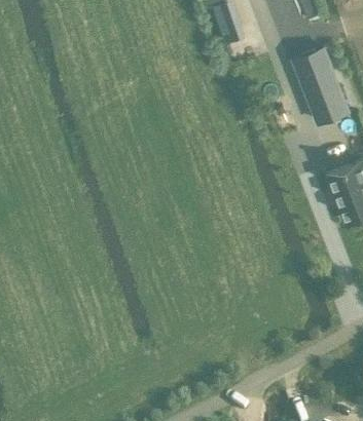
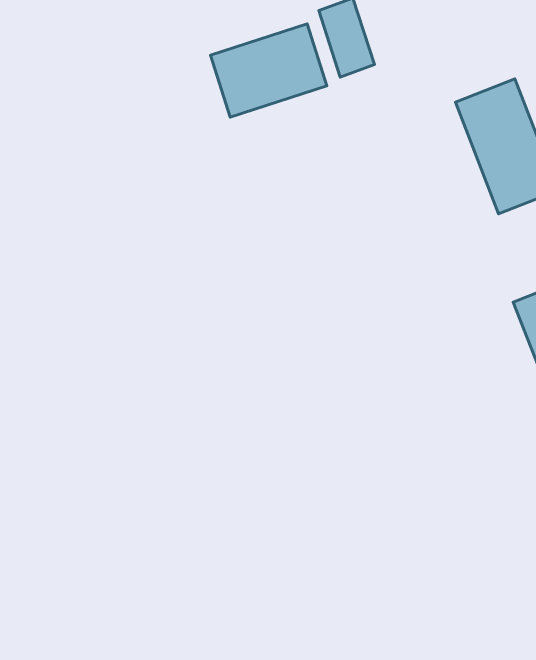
building: none -> [210,24,327,117]

